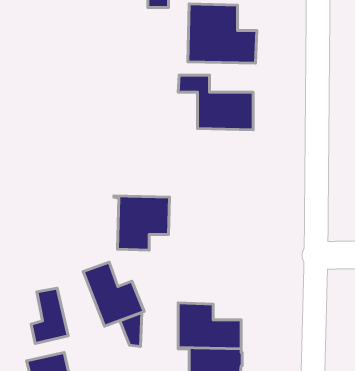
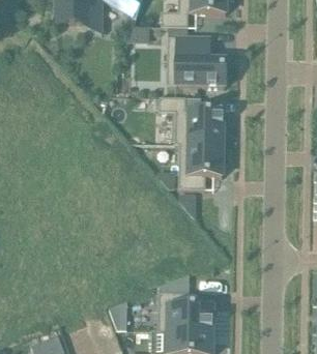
building: [114,196,170,250] -> [175,142,223,188]
building: [83,262,144,326] -> none
building: [31,288,68,343] -> none

